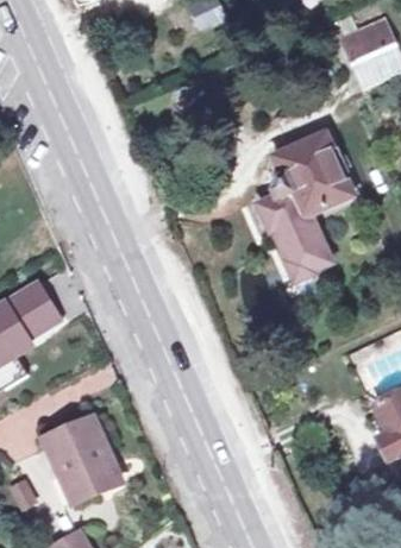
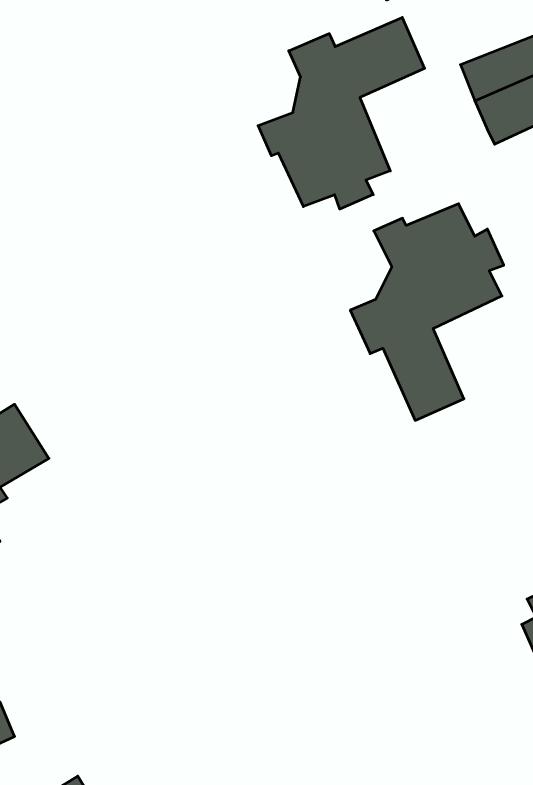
building: none -> [258,17,425,209]
building: [46,418,118,500] -> none

